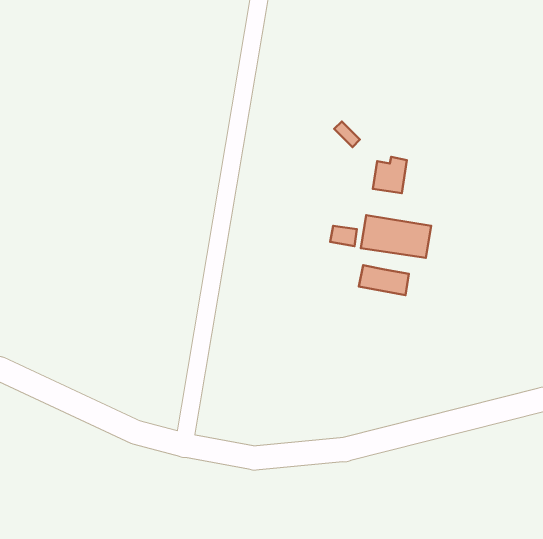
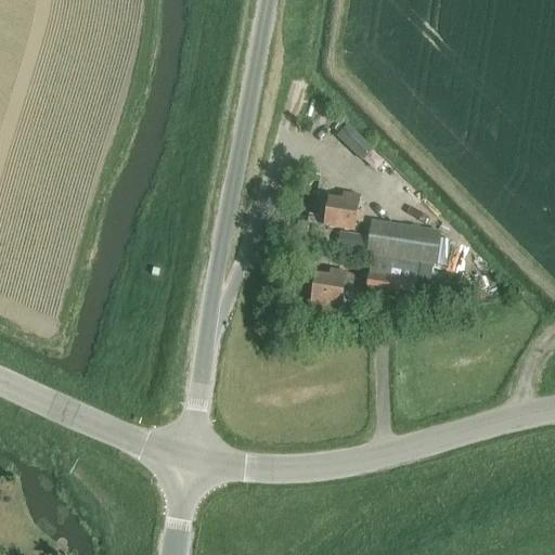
building: [373,157,407,193] -> [324,192,359,229]
building: none -> [309,268,354,318]

